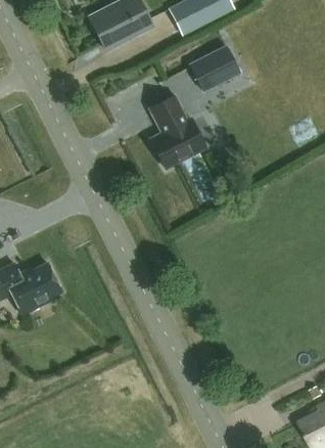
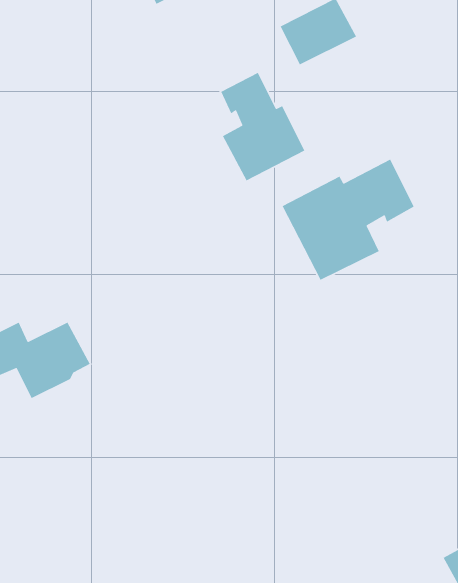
building: none -> [282,158,415,281]

